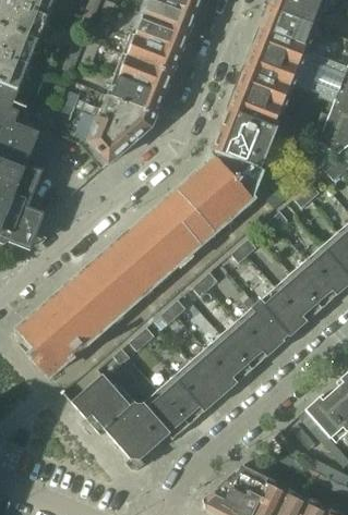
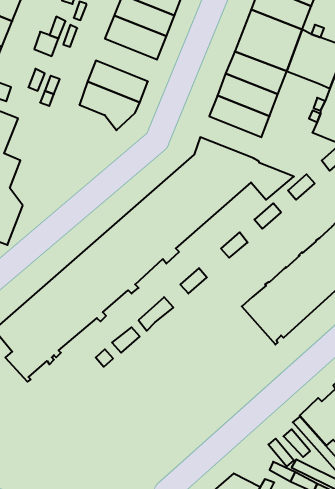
building: [113,57,171,97] -> none
building: [88,119,133,163] -> none
building: [212,130,269,169] -> none
building: [71,308,283,470] -> none

